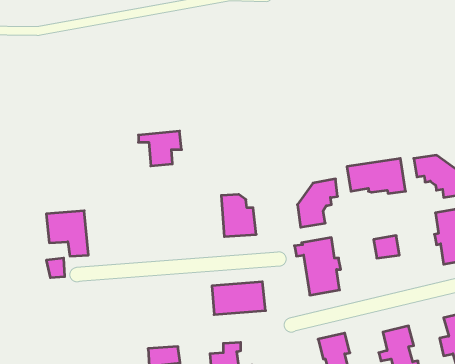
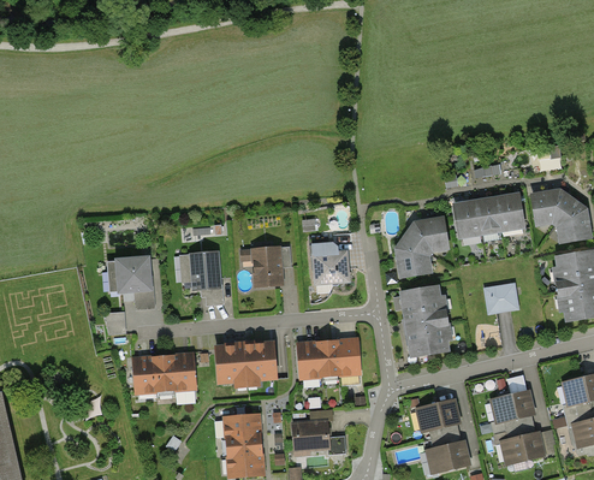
building: [138,131,182,166] -> [242,245,292,286]
building: none -> [191,253,222,303]
building: none -> [215,343,275,381]
building: none -> [133,355,195,392]

